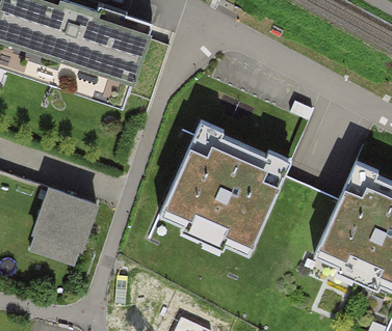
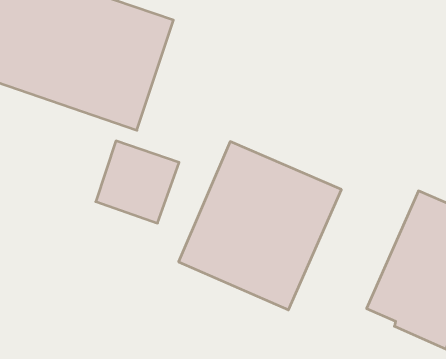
building: [31,187,100,254] -> [96,141,179,223]

